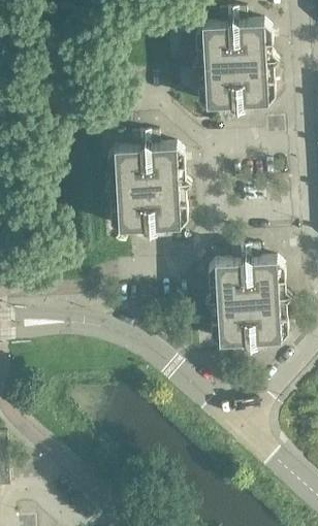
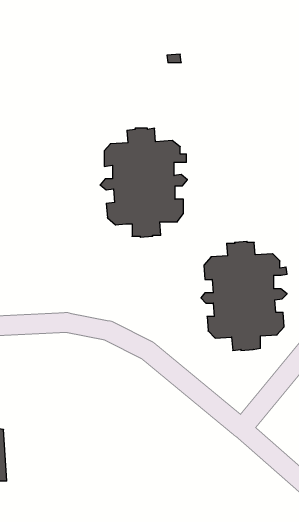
building: [193,6,279,116] -> none

